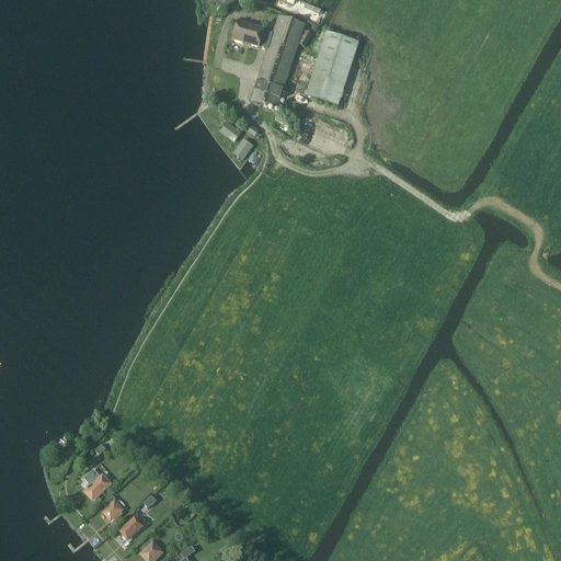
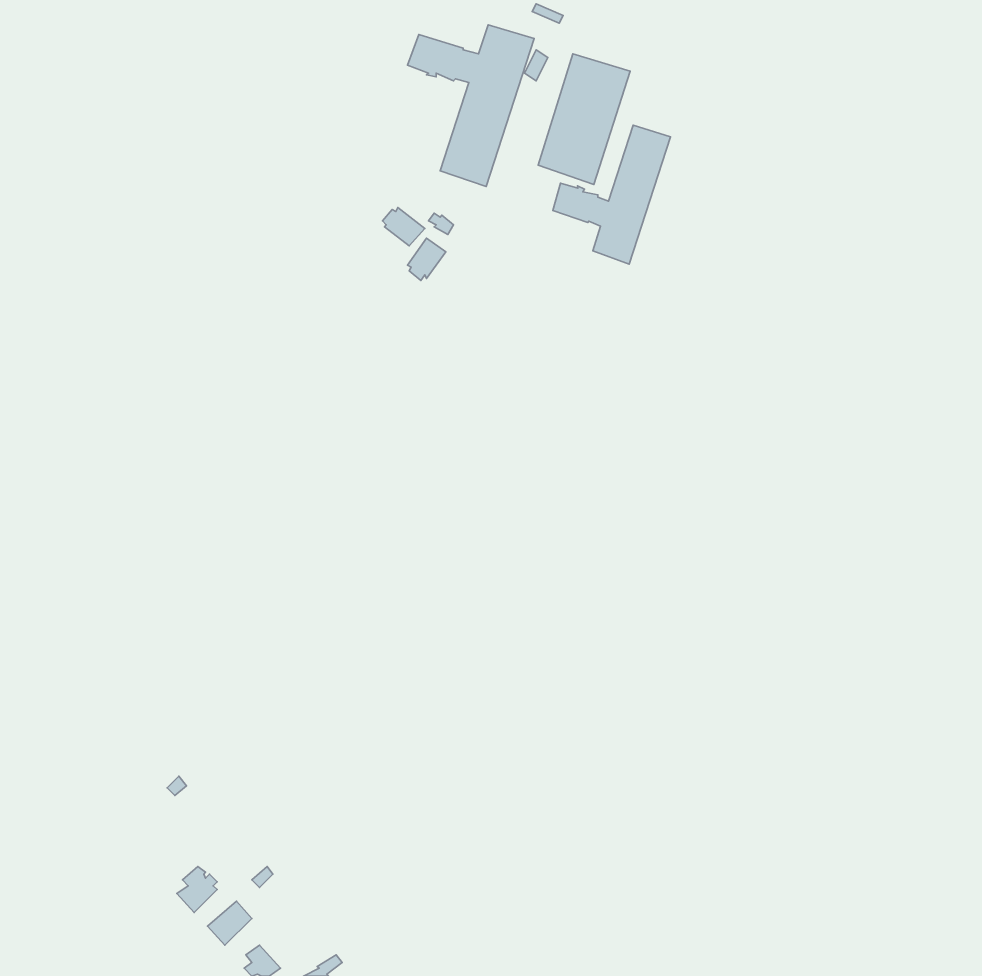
building: none -> [553,125,670,264]
building: [83,468,112,500] -> none

